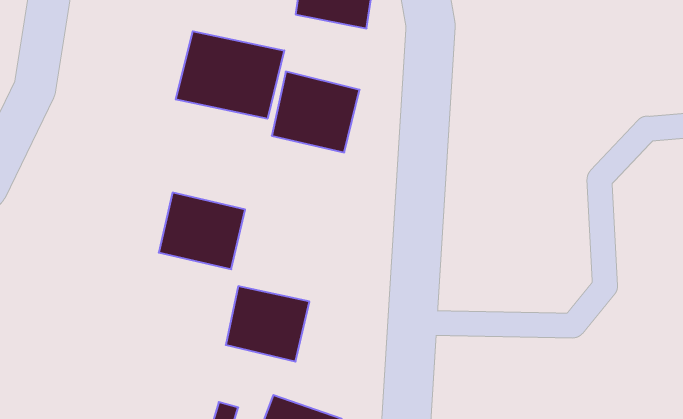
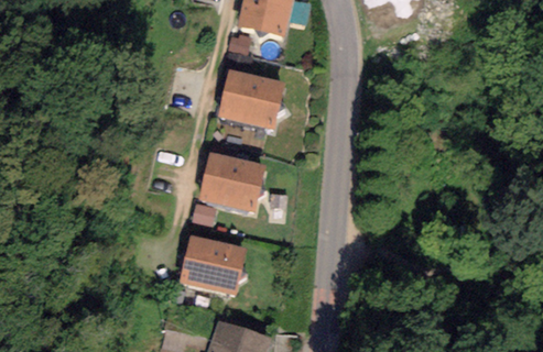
building: [176,31,284,119] -> none
building: [159,193,245,269] -> [197,152,265,212]

